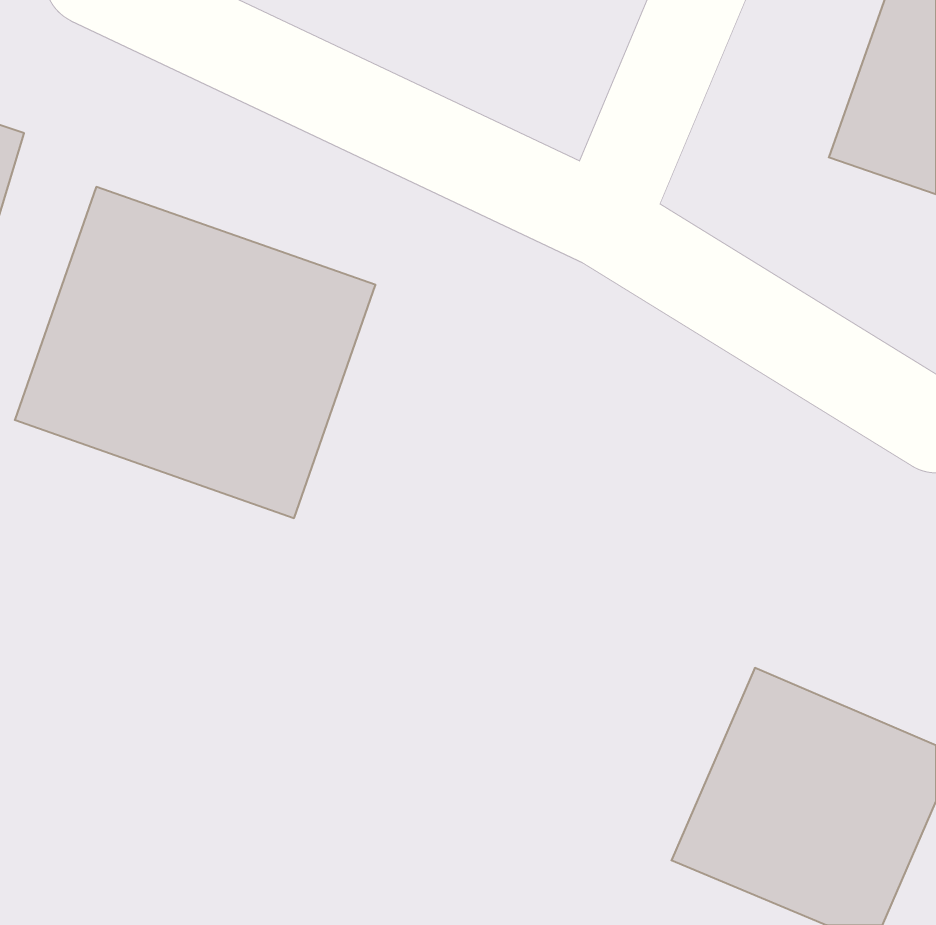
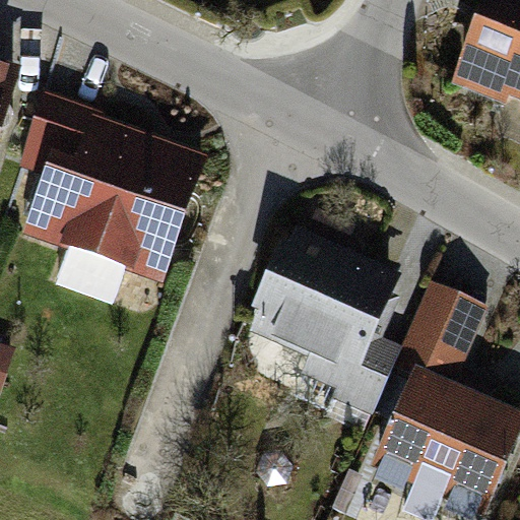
building: none -> [233,219,398,407]
building: none -> [400,281,484,381]

